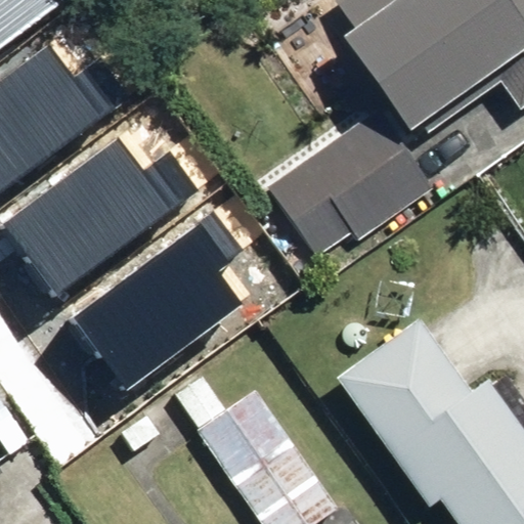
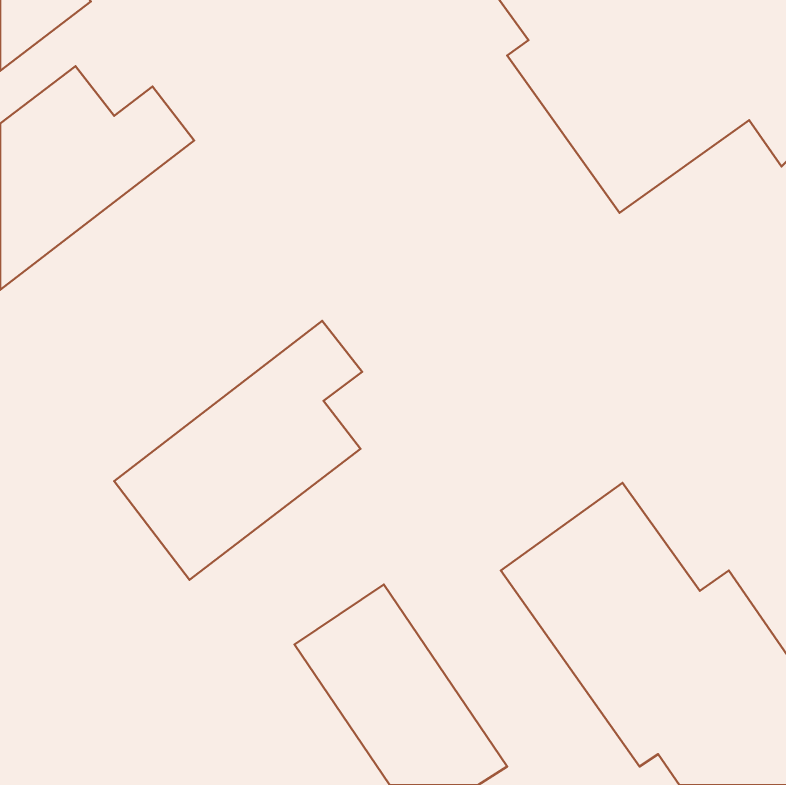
building: [267,110,432,257] -> none
building: [7,139,196,294] -> none

